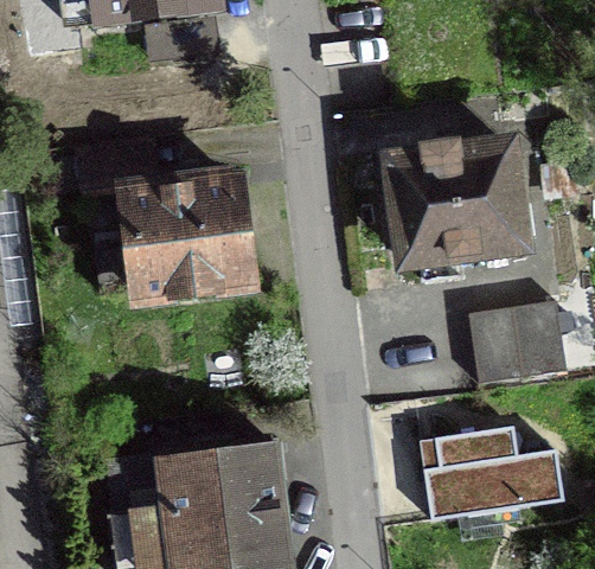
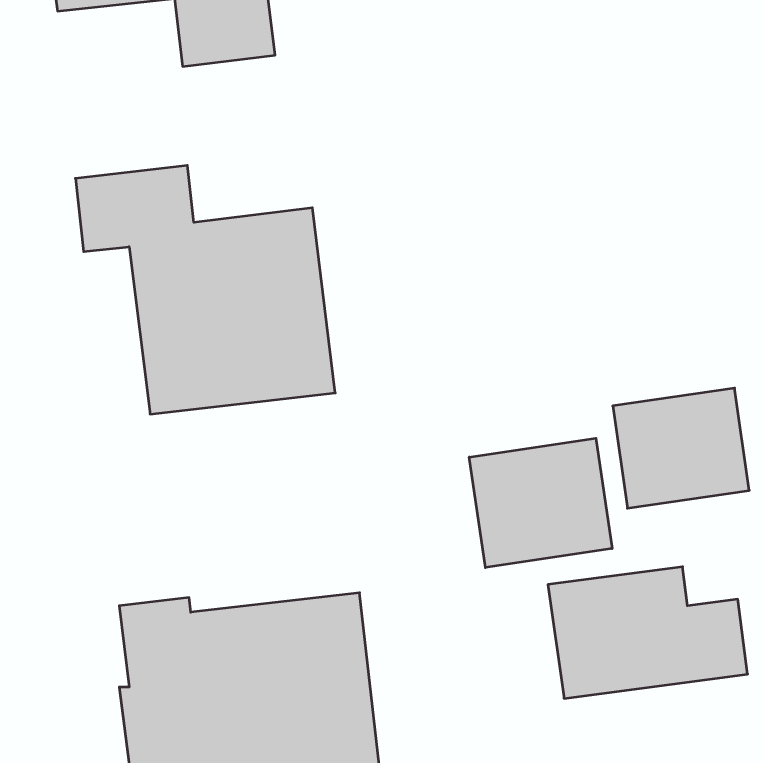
building: [378,133,536,275] -> none
building: none -> [469,438,612,568]

